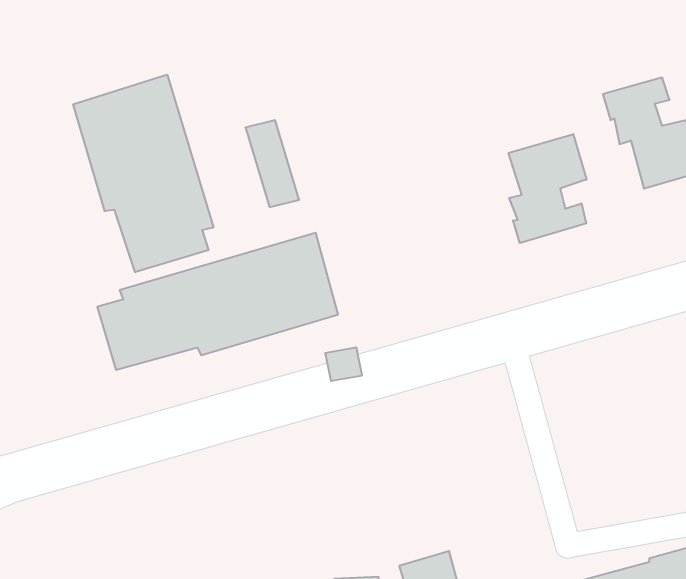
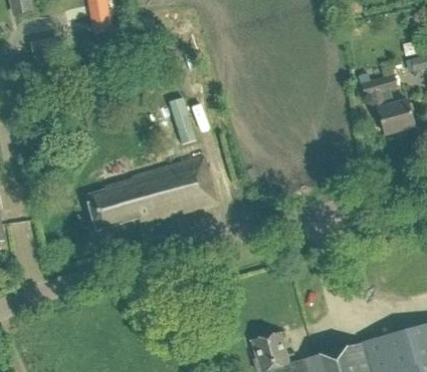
building: [73,75,213,272] -> none
building: [509,134,587,243] -> none

